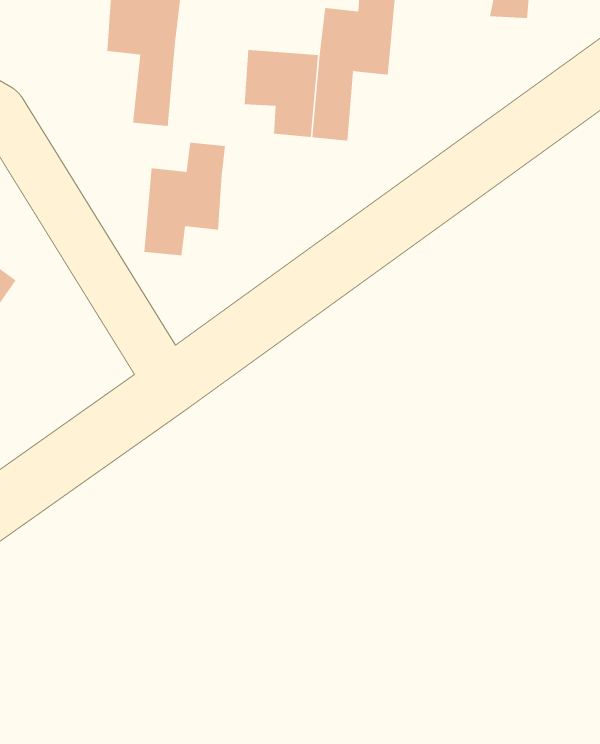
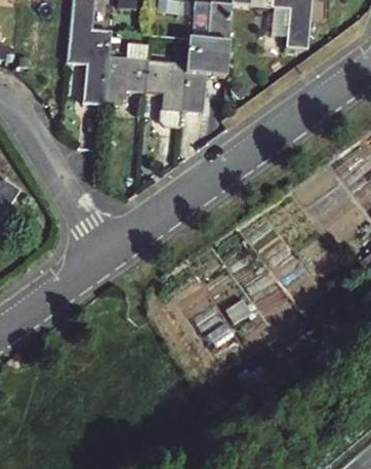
building: [144,142,226,256] -> [104,44,150,108]

